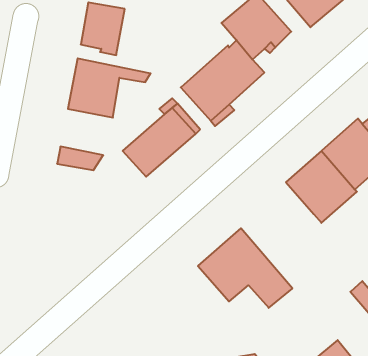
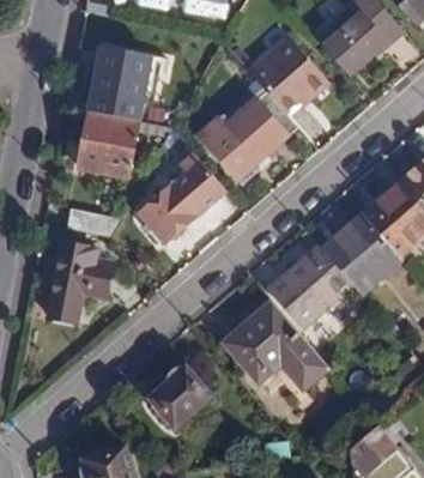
building: none -> [48,241,110,321]
building: none -> [268,243,352,328]
building: none -> [150,367,210,426]

